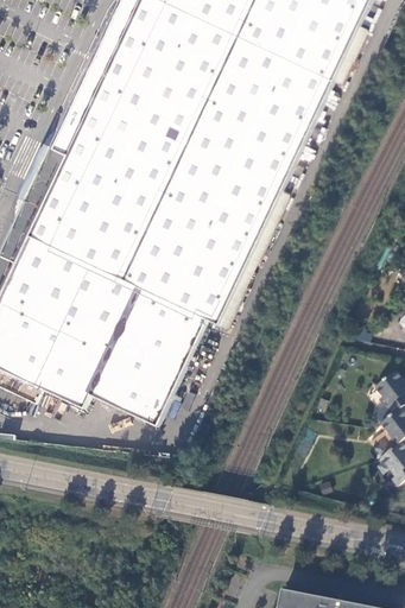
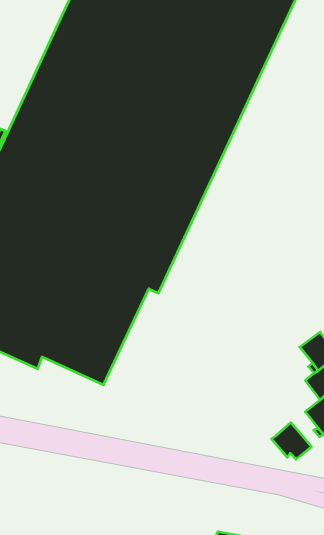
building: none -> [272,423,311,459]

